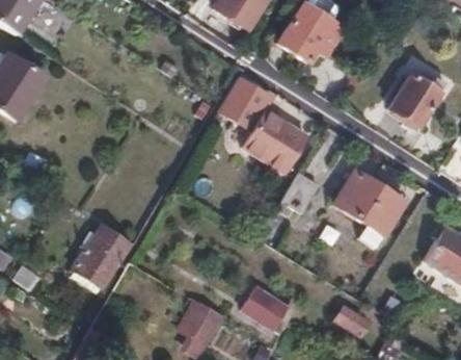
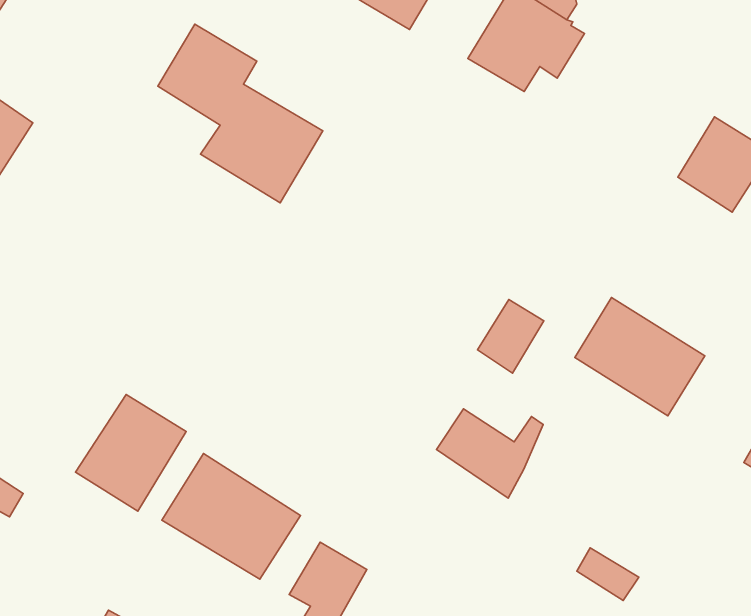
building: [220,79,308,175] -> [158,24,323,203]
building: none -> [162,453,300,579]
building: [244,286,301,334] -> [436,409,543,498]

